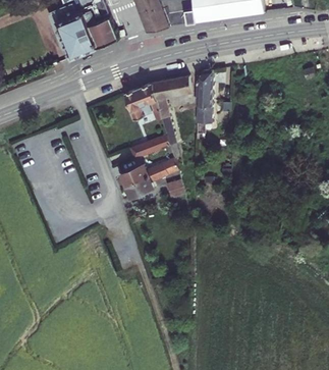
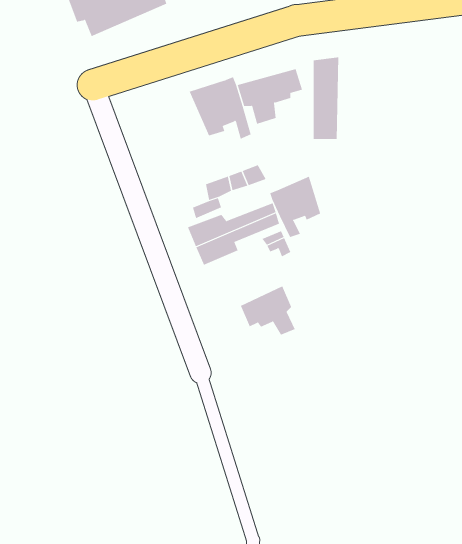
building: none -> [269,176,321,238]
building: none -> [240,285,295,335]

